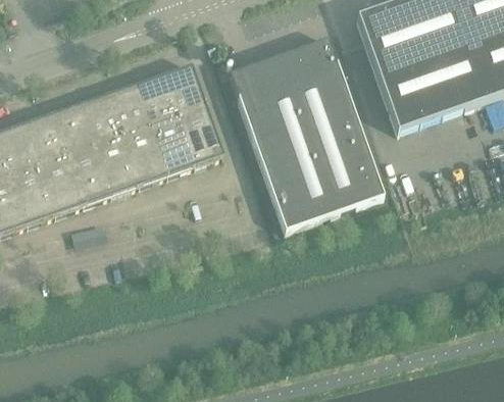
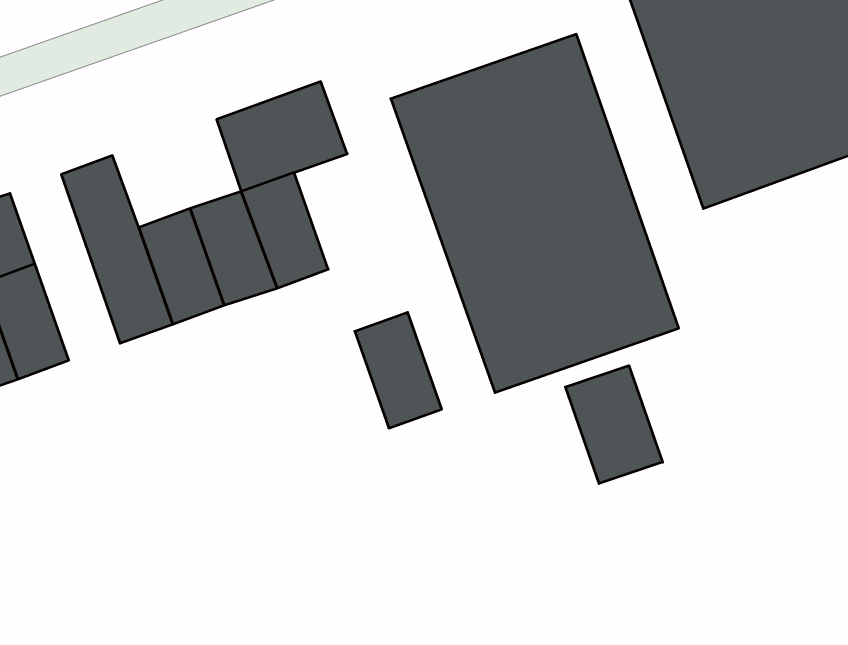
building: [79,83,148,141] -> none
building: [177,101,223,163] -> [355,312,442,428]
building: [23,112,83,212] -> none
building: none -> [565,366,663,484]

